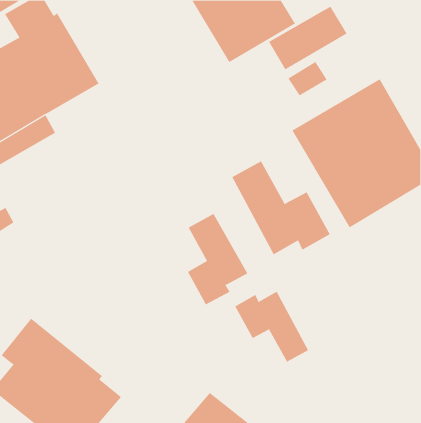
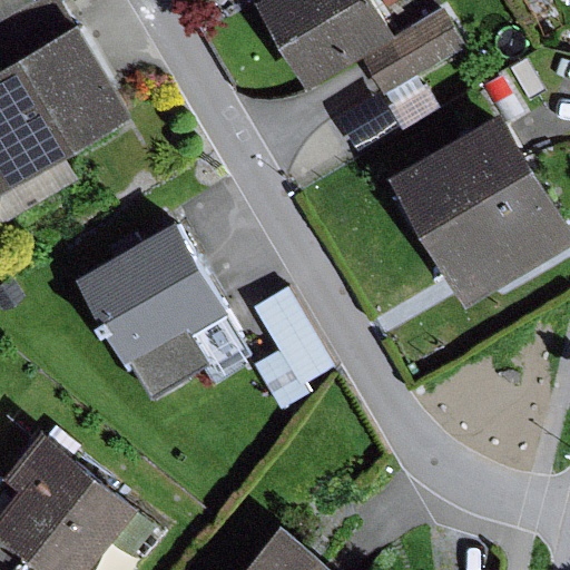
building: [232,160,330,255] -> none
building: none -> [73,223,247,399]
building: [235,291,309,363] -> none

